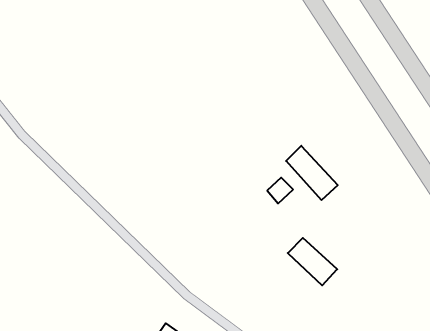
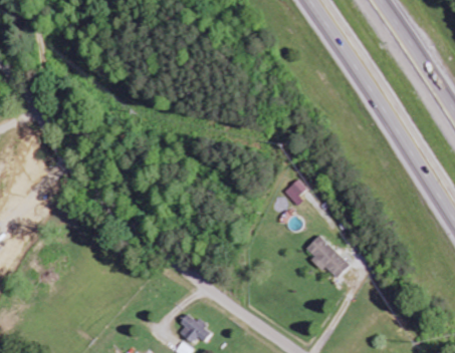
building: [286,146,338,200] -> none

